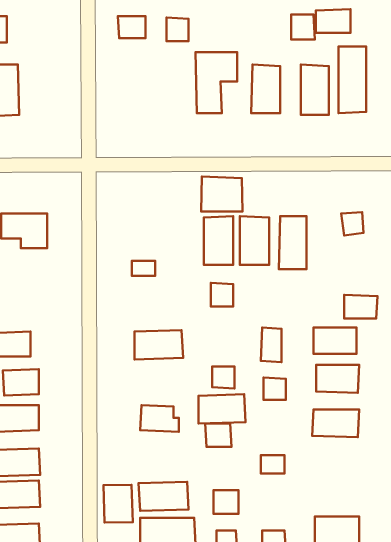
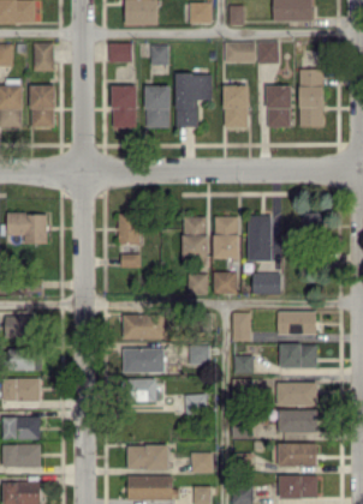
building: [316,9,350,33] -> [225,42,255,62]
building: none -> [34,42,53,71]
building: none -> [30,85,55,127]
building: none -> [112,85,137,128]
building: none -> [145,85,169,128]
building: [201,176,243,212] -> none
building: none -> [118,214,141,244]
building: none -> [213,272,237,294]
building: [344,295,377,318] -> [252,274,281,294]
building: [198,394,246,423] -> [124,348,165,373]
building: none -> [278,410,317,433]
building: none -> [278,443,317,467]
building: [104,485,133,523] -> none

